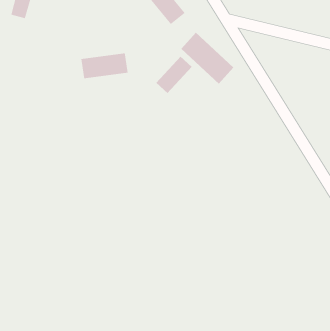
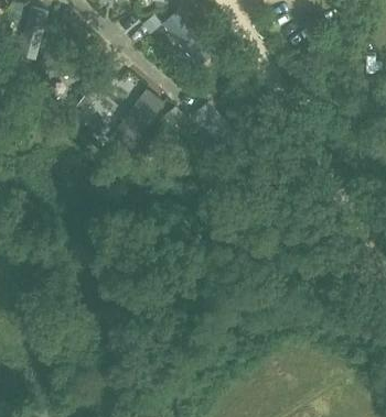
building: [180,32,234,84] -> none

